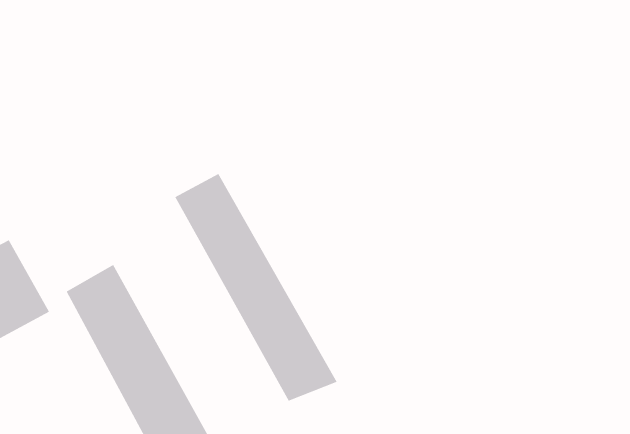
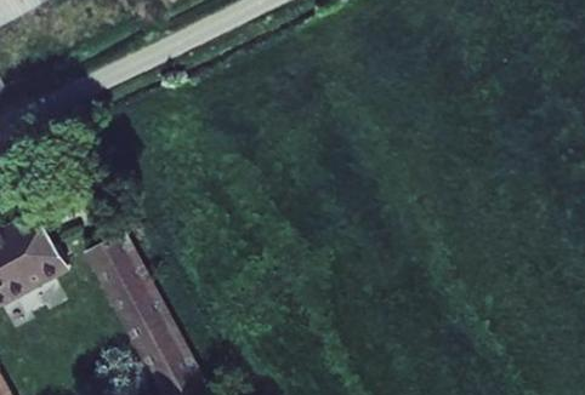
building: [174,173,337,402] -> none

